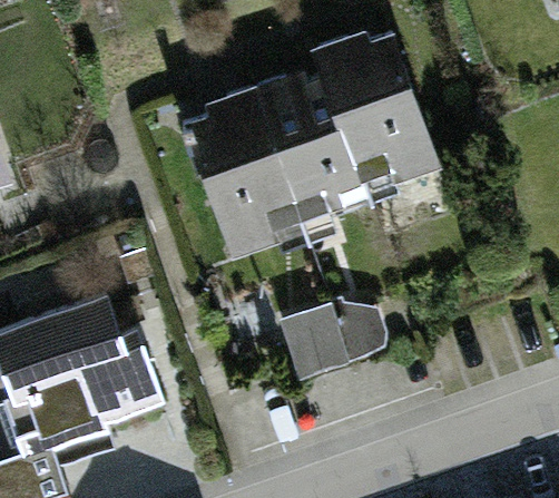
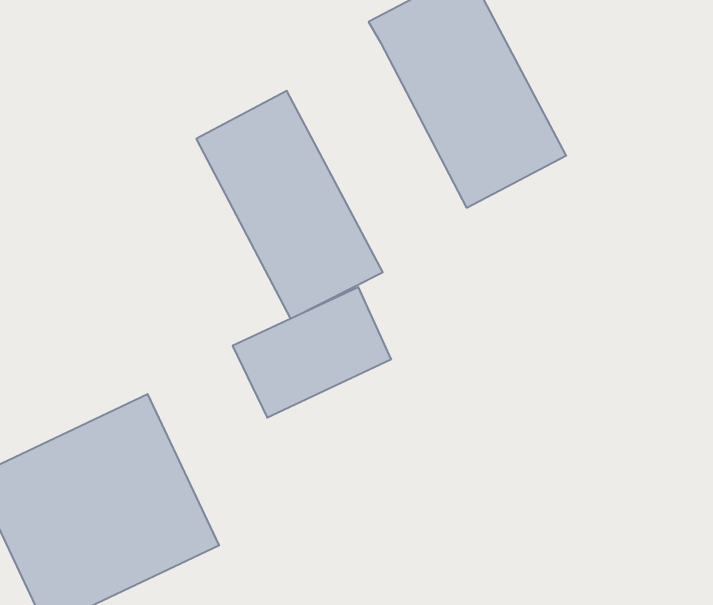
building: [247,67,367,228] -> none
building: [271,305,381,389] -> [233,287,391,418]

